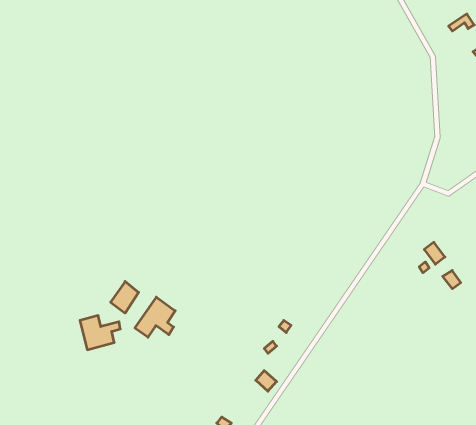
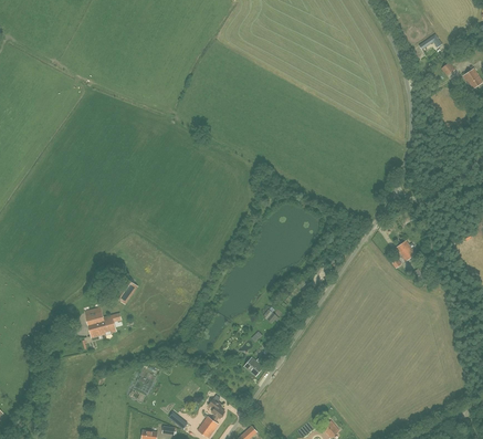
building: [135,297,175,337] -> none

